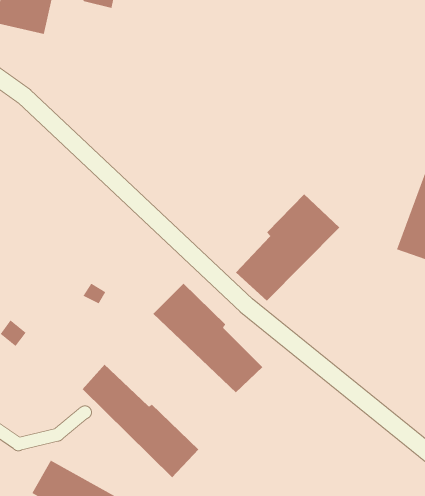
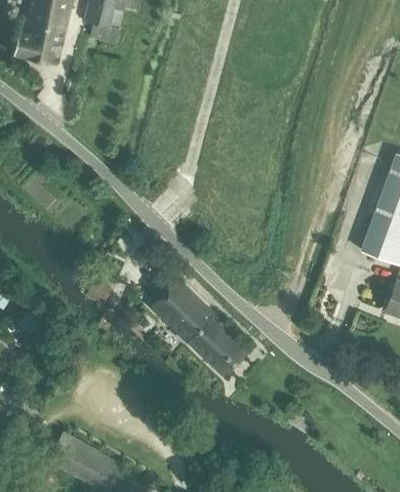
building: [235,194,340,302] -> none
building: [82,364,199,478] -> none

